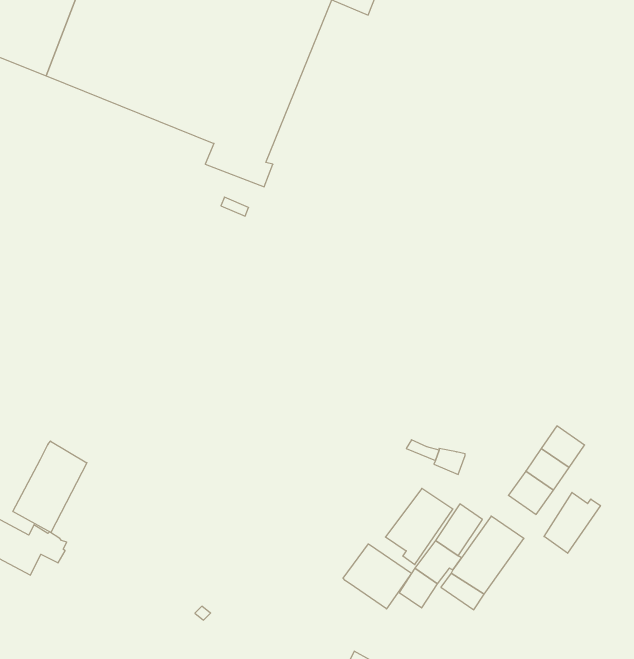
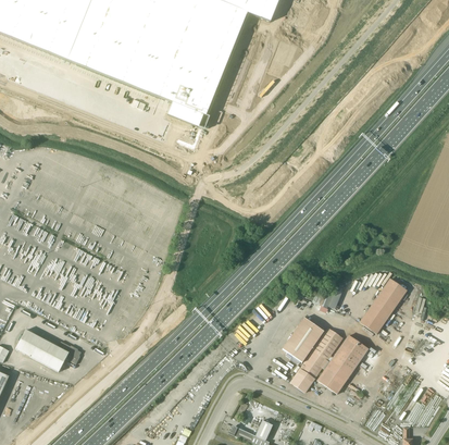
building: [13,441,87,532] -> none
building: [544,492,600,553] -> none
building: [343,544,412,609] -> none

